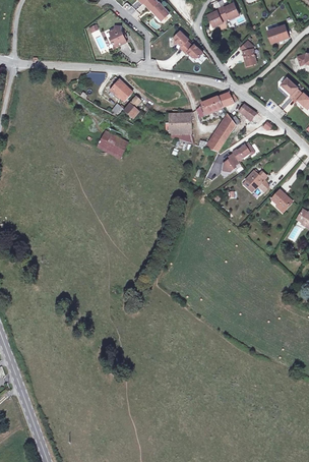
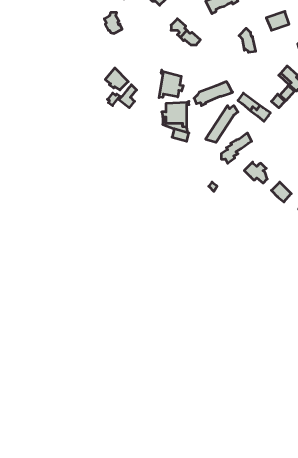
building: none -> [159,70,183,98]
building: [97,130,127,159] -> none

